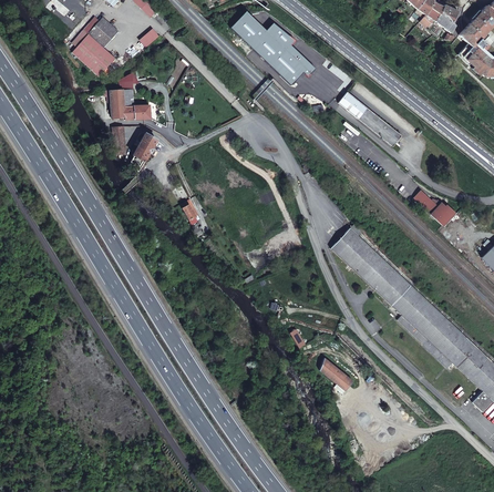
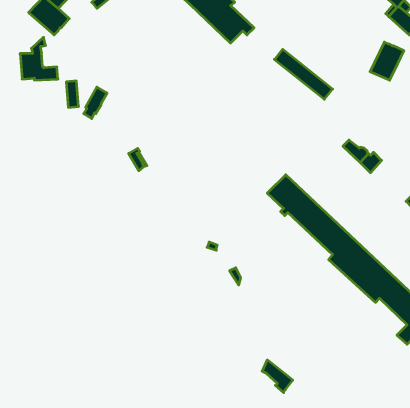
building: [110,72,151,119] -> [20,37,58,80]
building: none -> [370,42,404,80]
building: [320,358,353,393] -> [262,360,293,393]

